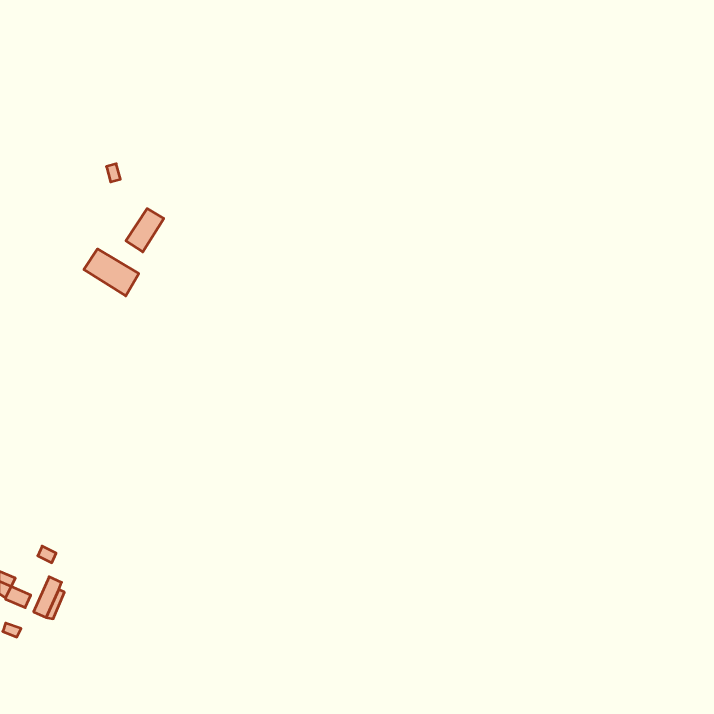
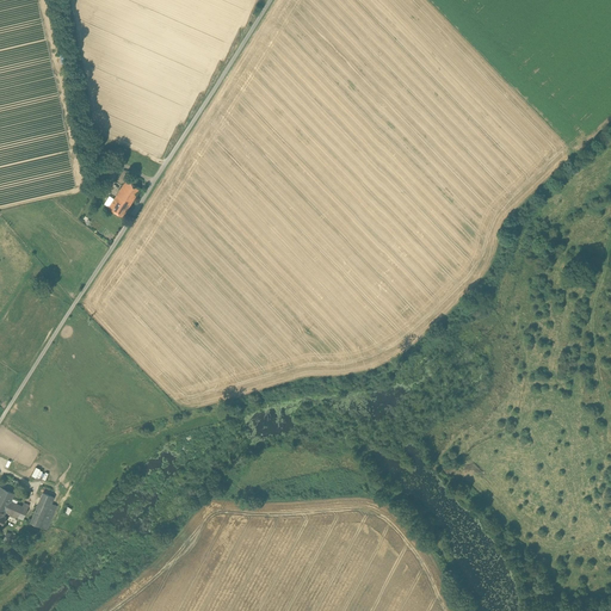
building: [84,249,139,296] -> none

